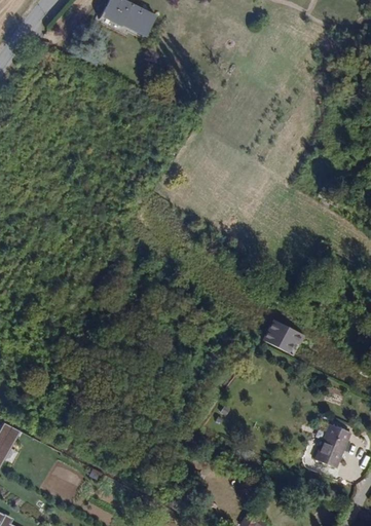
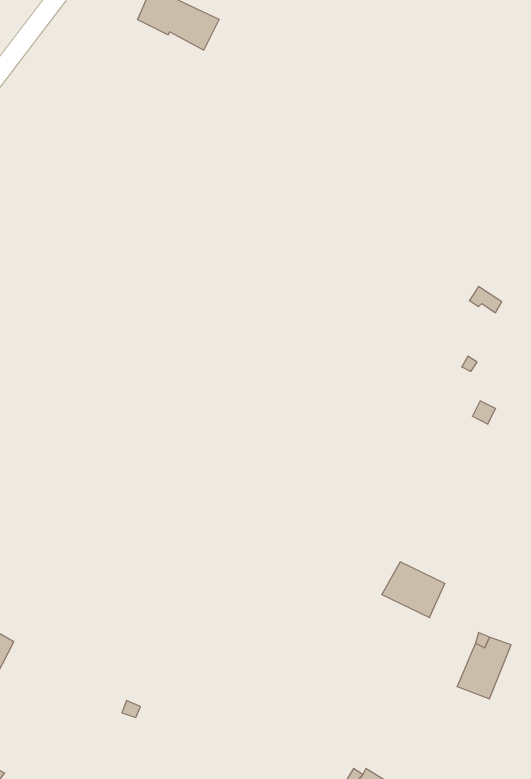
building: [260,320,302,356] -> [382,562,445,618]

